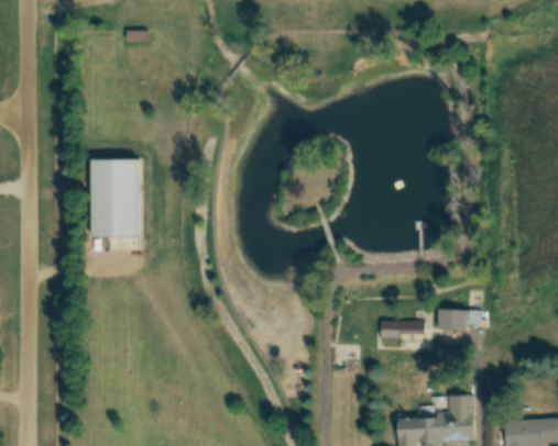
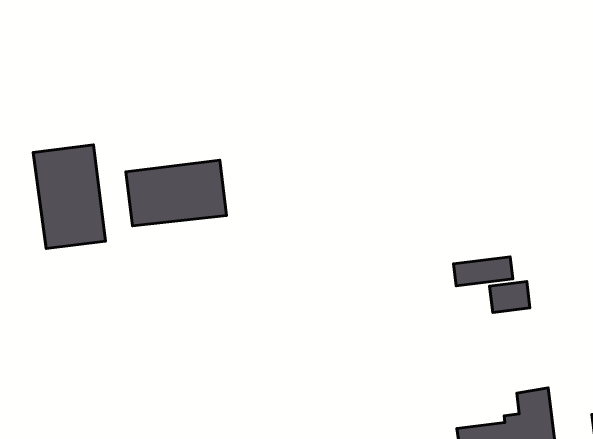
building: none -> [126,160,227,226]
building: [378,320,423,337] -> [454,257,513,286]

